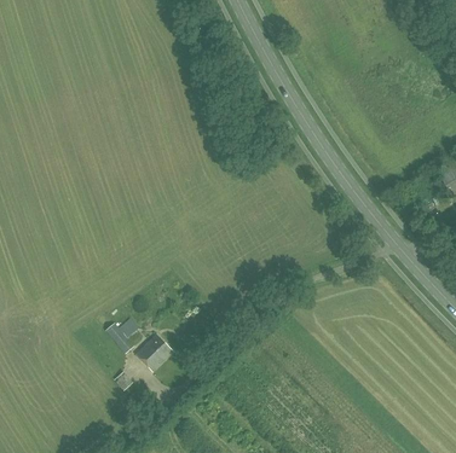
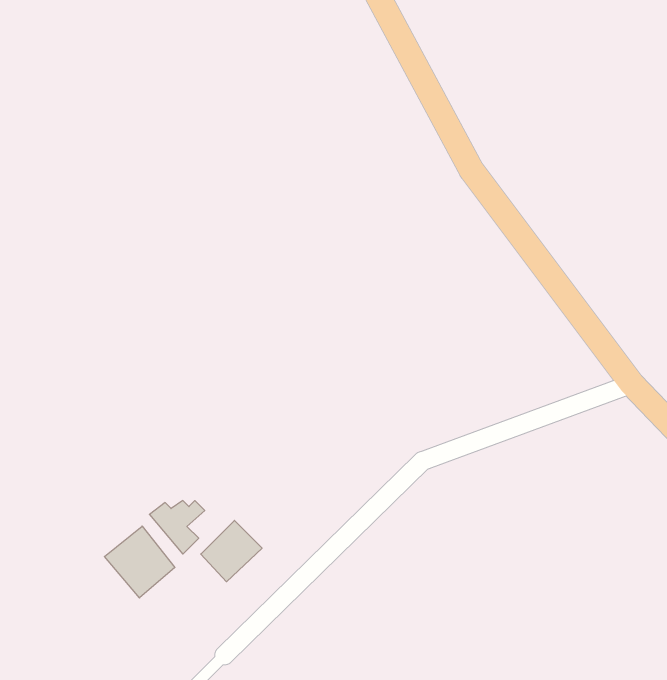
building: none -> [104,526,175,598]

